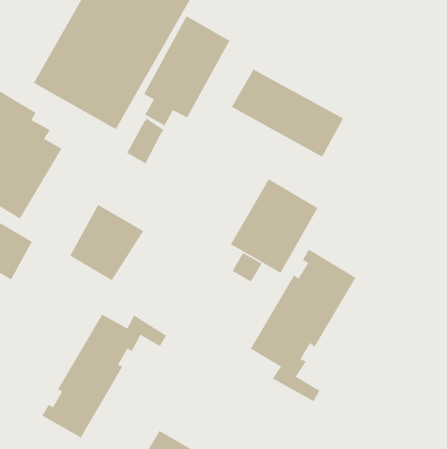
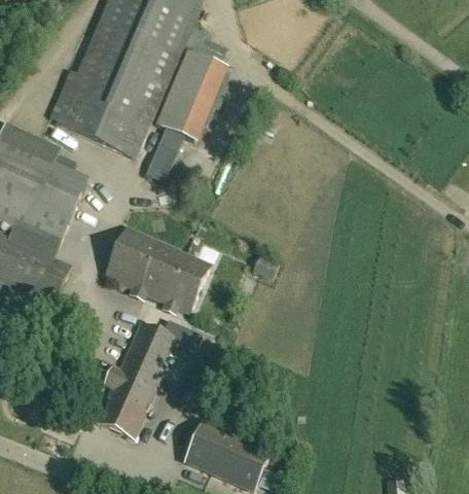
building: [231,69,344,158] -> none
building: [230,178,318,274] -> none
building: none -> [145,245,211,313]
building: [250,249,356,402] -> none

